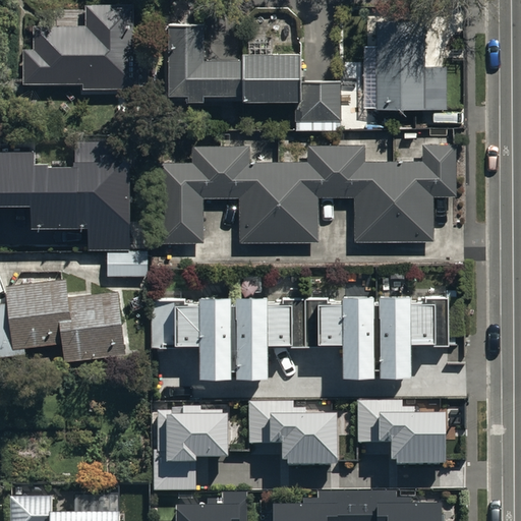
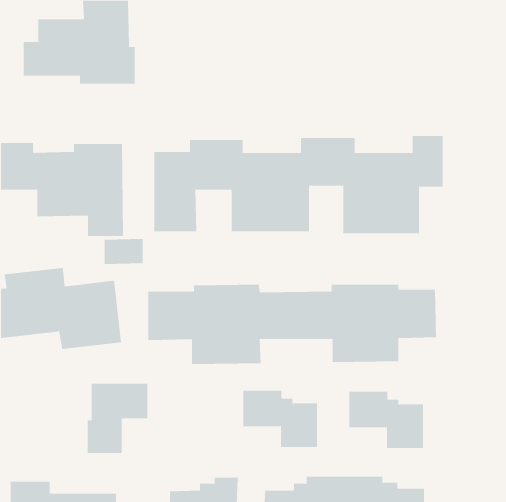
building: [167,16,340,131] -> none
building: [362,20,447,107] -> none
building: [155,416,218,488] -> [87,383,148,454]

